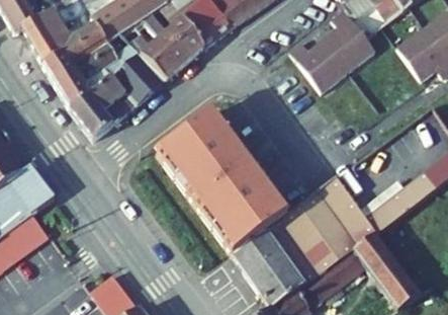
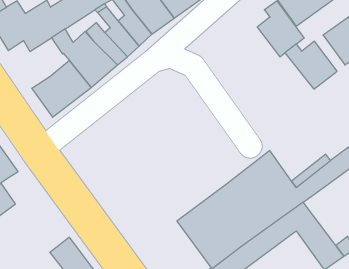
building: [289,36,348,90] -> [285,41,337,89]
building: [43,49,112,105] -> none
building: [157,109,288,254] -> none

